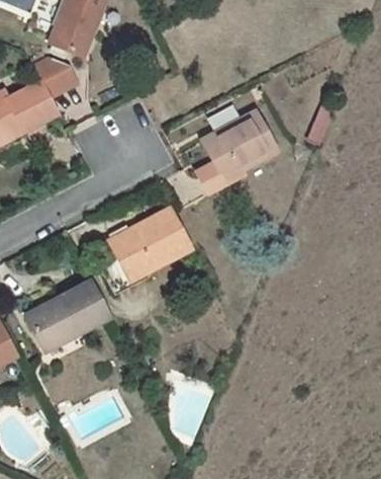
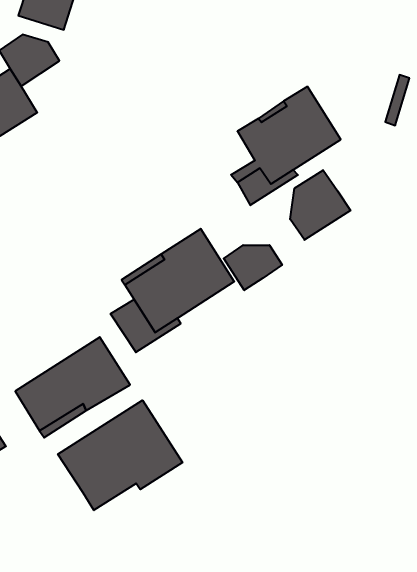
building: none -> [290,170,350,240]
building: none -> [224,245,282,290]
building: none -> [58,400,182,510]

